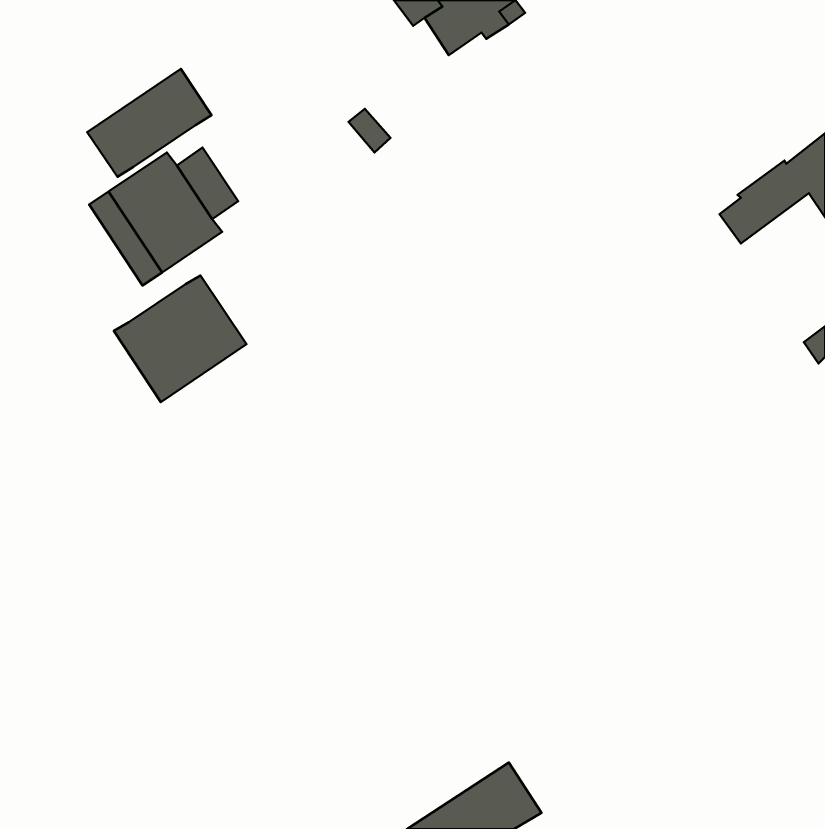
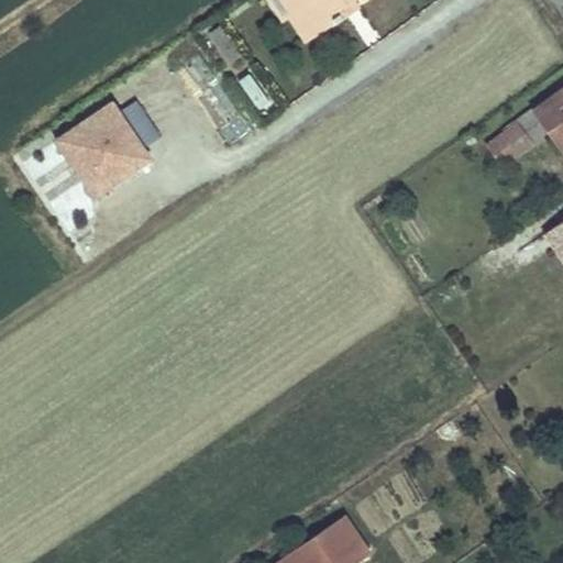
building: [87,69,212,177] -> none
building: [114,275,246,402] -> none

